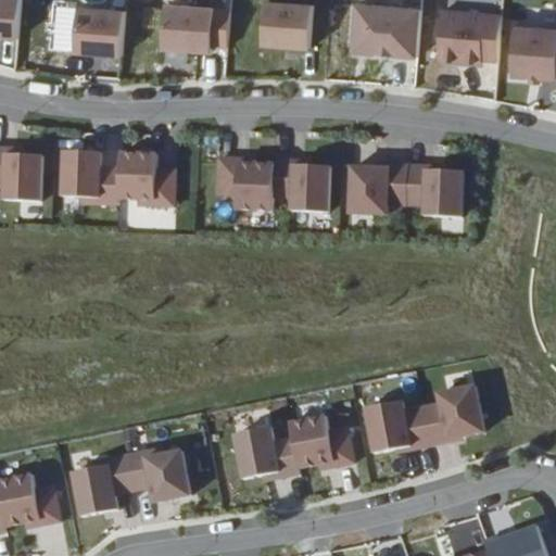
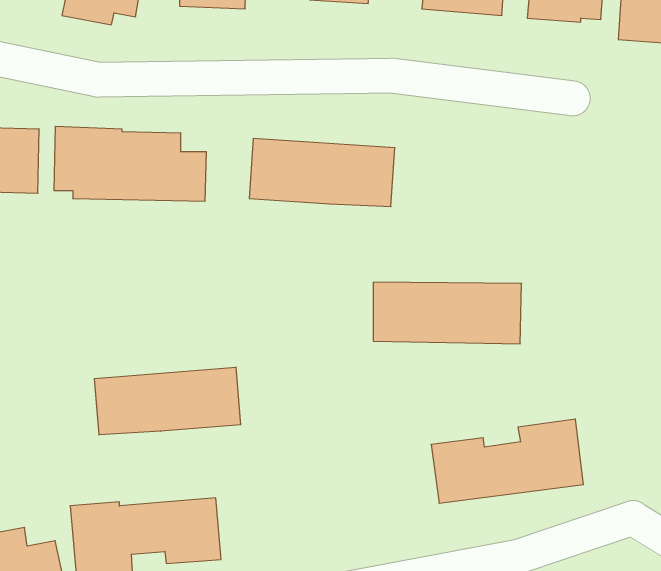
building: [343,164,464,214] -> [373,282,522,344]
building: none -> [94,367,241,435]
building: [228,413,355,481] -> none

